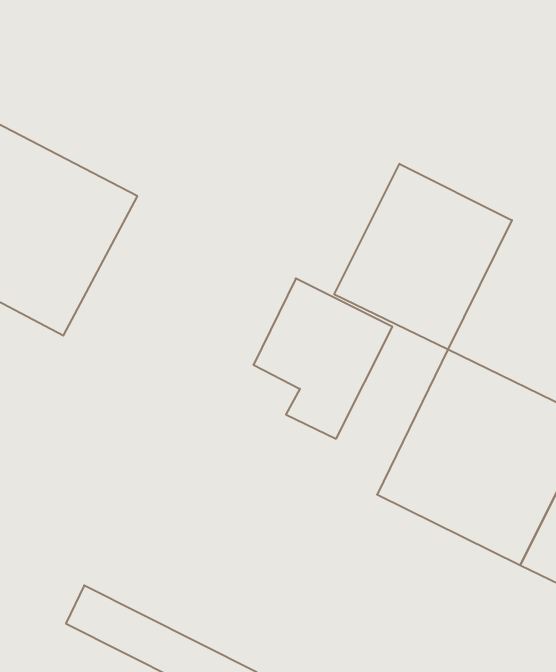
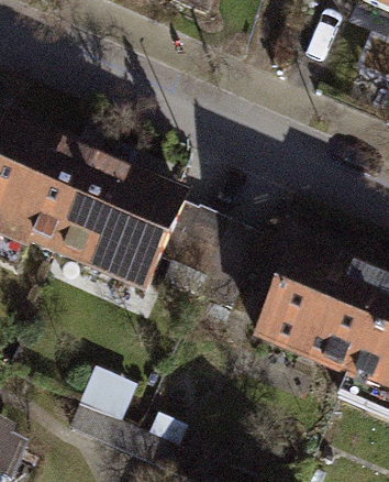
building: [334,164,512,350] -> none
building: none -> [53,156,179,284]

